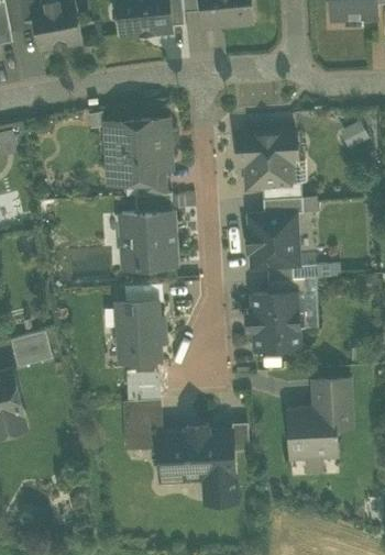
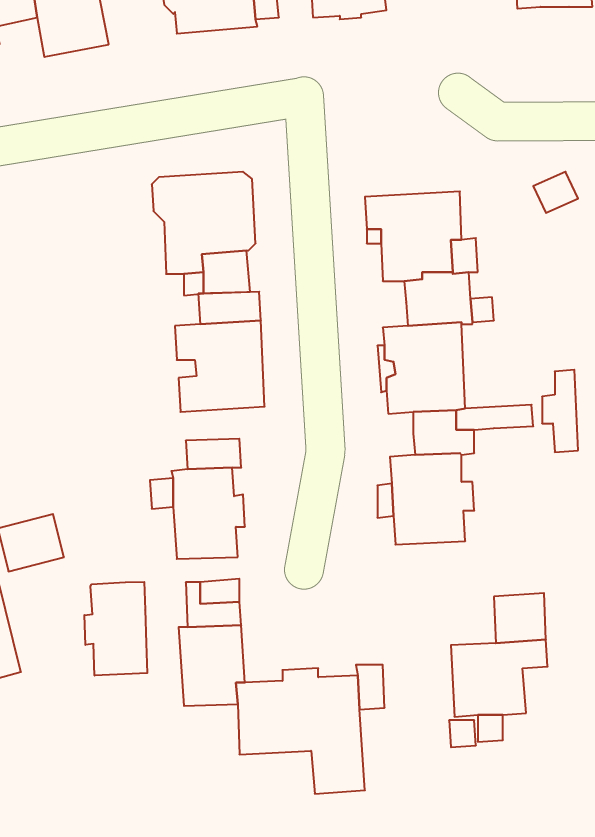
building: [296,278,318,329] -> [542,370,578,452]
building: none -> [84,582,147,676]

